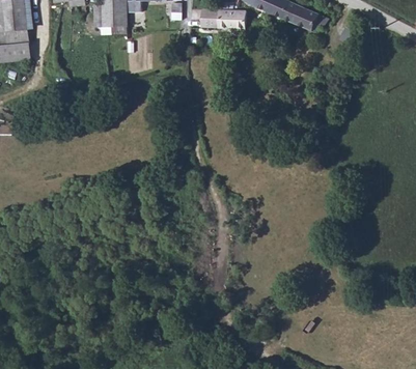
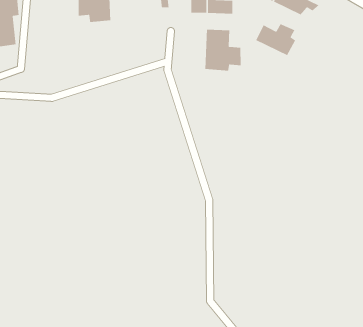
building: none -> [255,23,296,56]
building: none -> [204,29,241,71]

